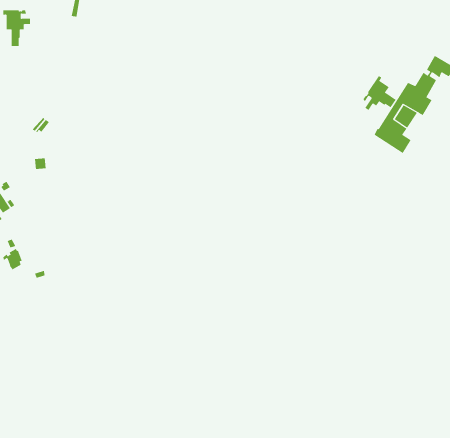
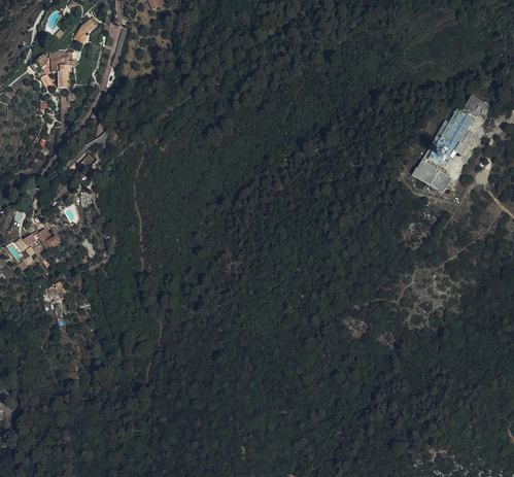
building: [363,75,396,111] -> none

